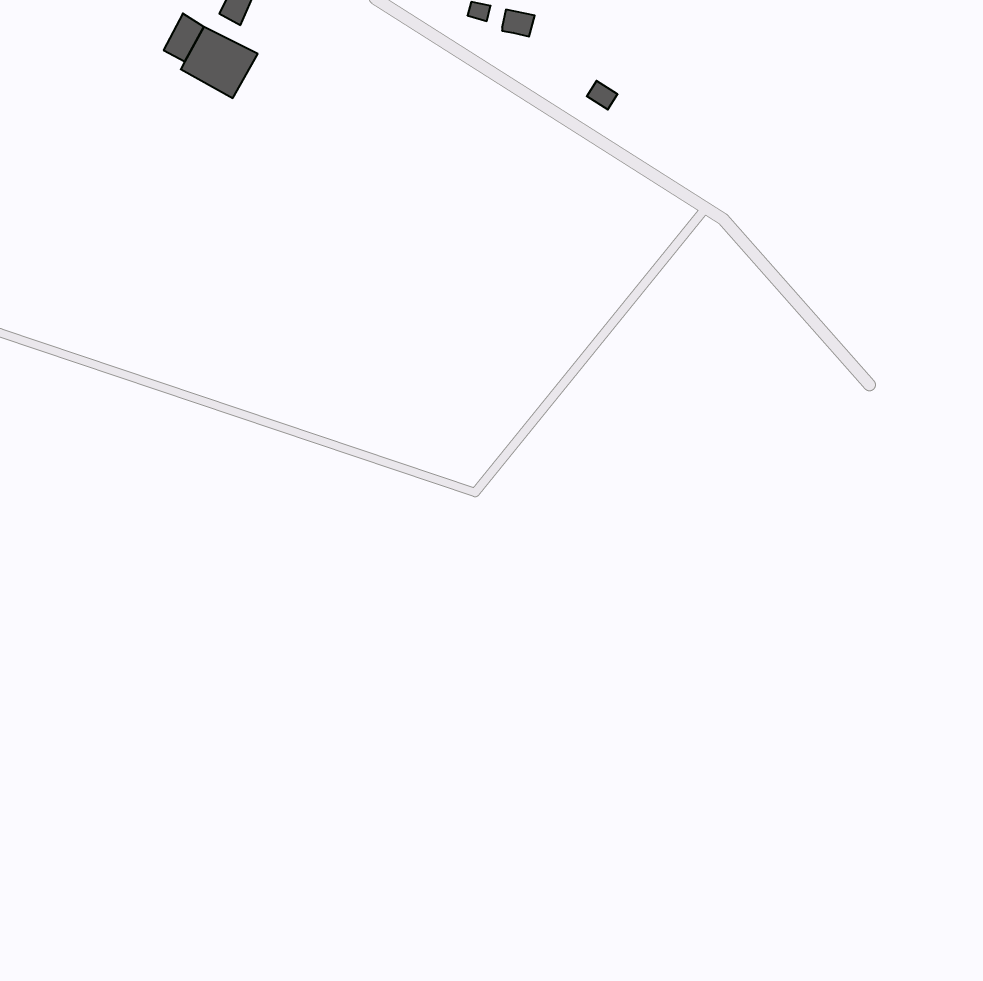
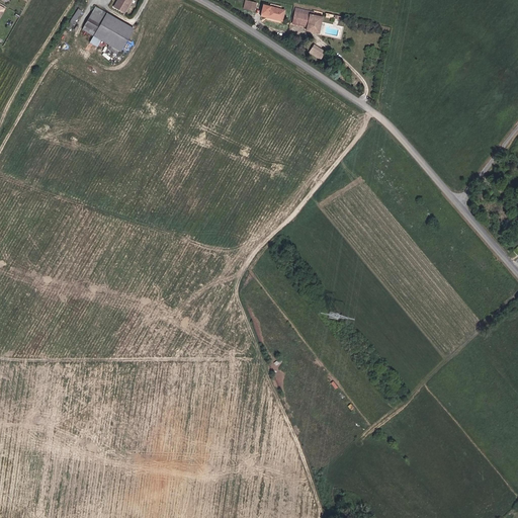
building: none -> [288,9,318,31]

